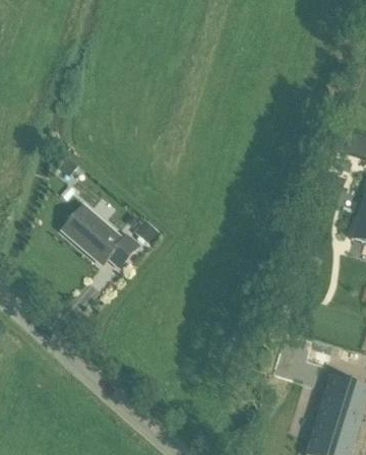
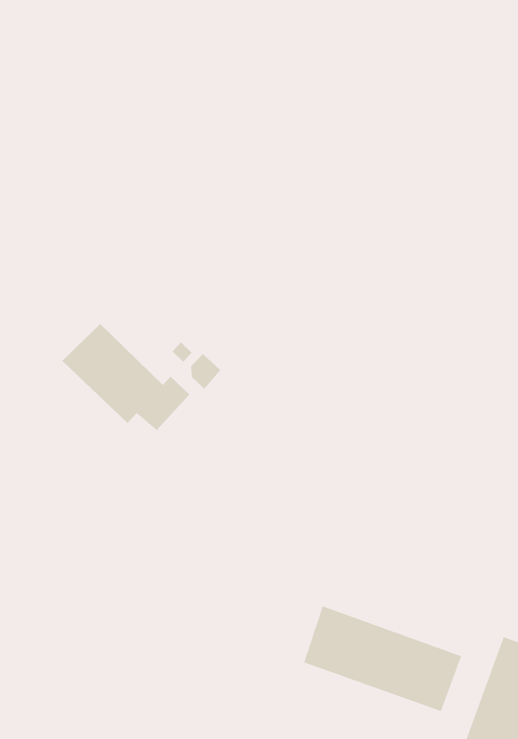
building: none -> [303,606,462,712]

